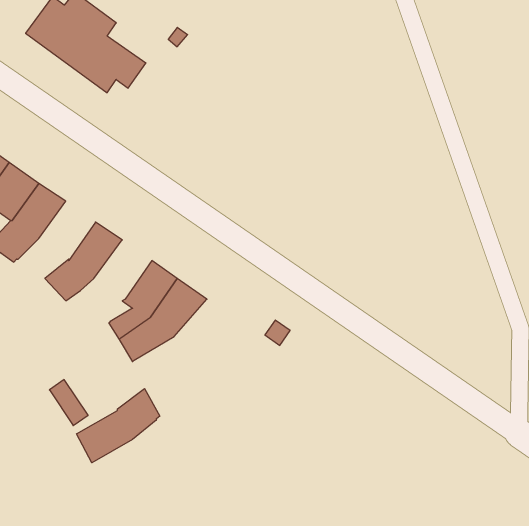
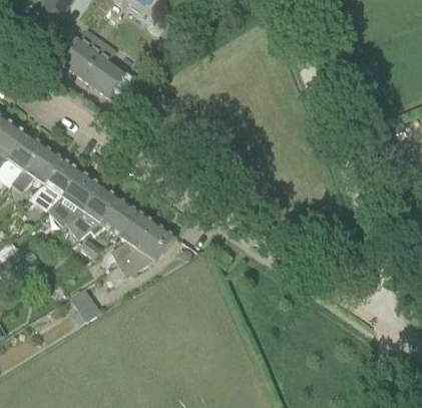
building: none -> [48,170,101,226]
building: none -> [91,196,139,238]
building: [77,389,160,463] -> none

